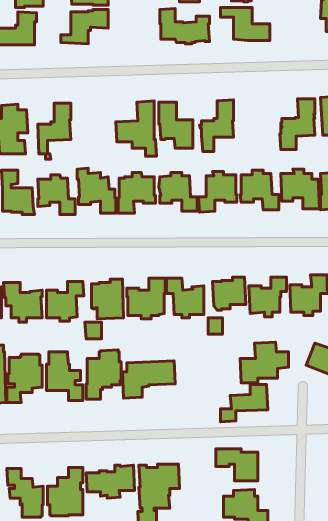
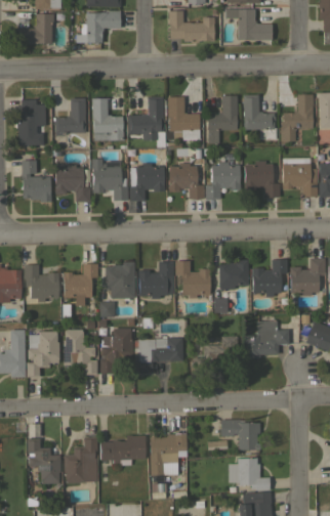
building: none -> [244,94,277,139]
building: none -> [92,98,124,140]
building: [220,385,268,422] -> [194,336,238,371]

